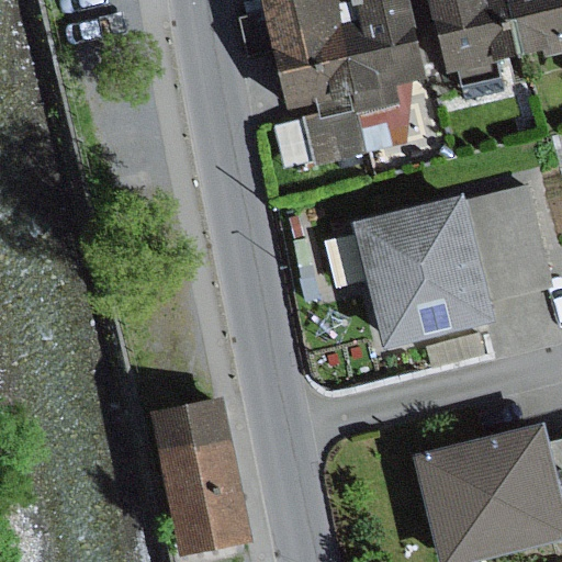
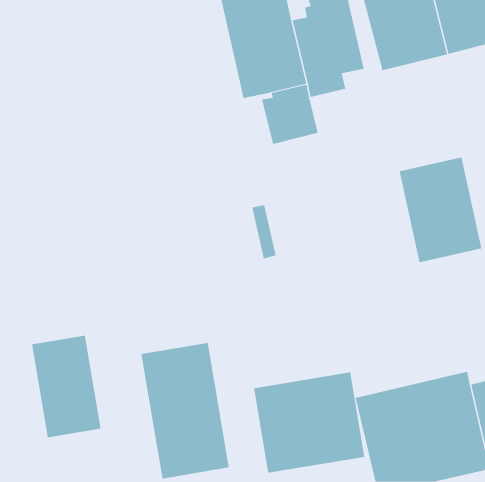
building: [350,196,492,349] -> none
building: none -> [32,335,101,438]
building: none -> [253,372,365,474]

